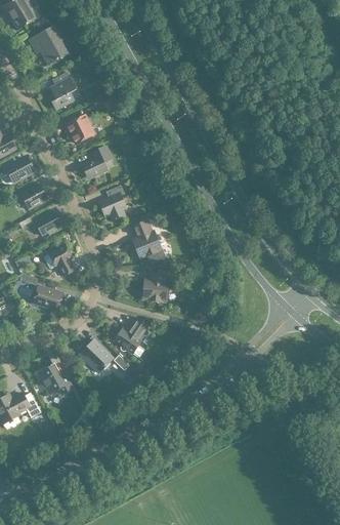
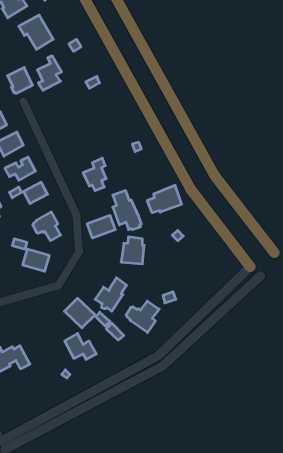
building: [68,114,95,143] -> [7,67,33,93]
building: [81,147,110,178] -> none
building: none -> [147,185,182,213]
building: none -> [87,215,115,238]
building: none -> [126,301,159,333]
building: [38,365,73,394] -> [65,333,96,359]

